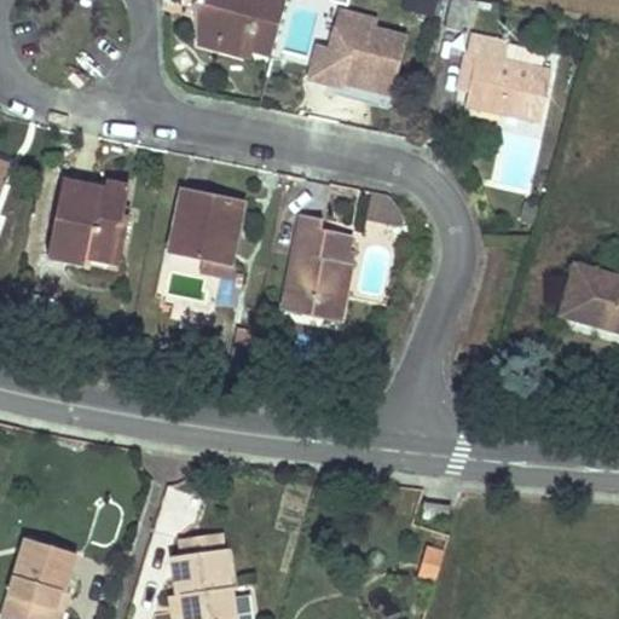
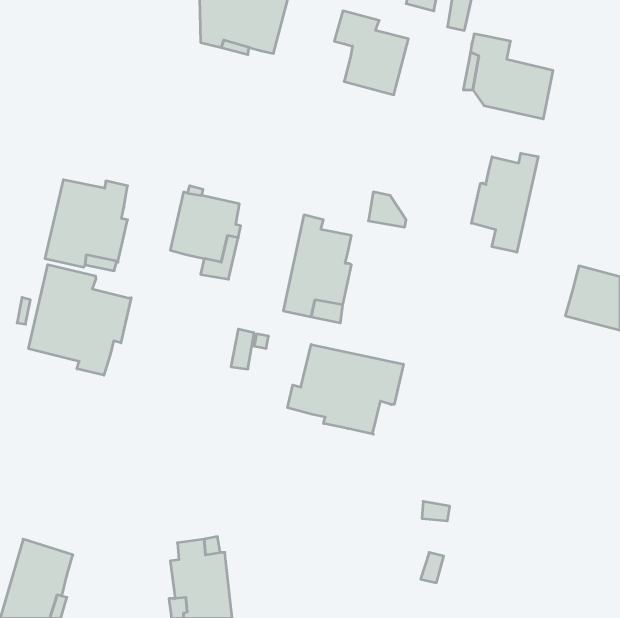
building: [312,39,351,82] -> none
building: none -> [471,153,538,252]
building: none -> [29,265,131,375]
building: none -> [288,344,403,434]

